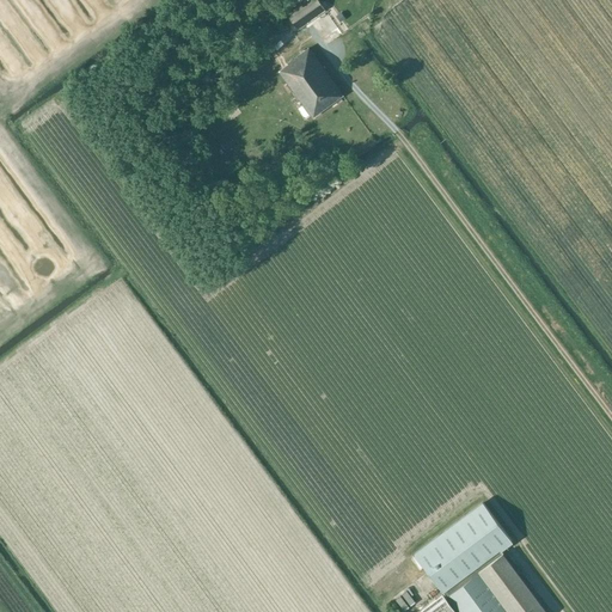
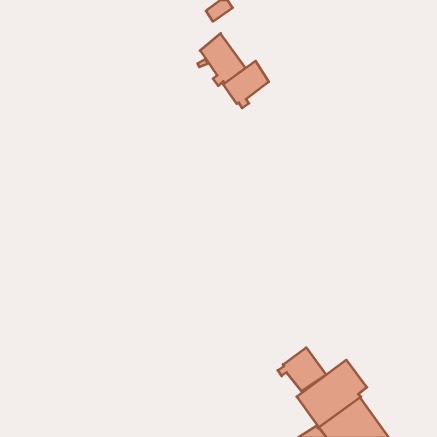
building: none -> [223,61,269,108]
building: none -> [278,348,326,391]

